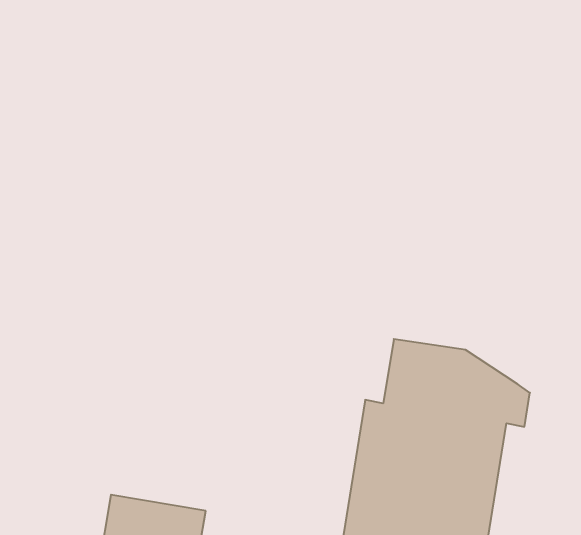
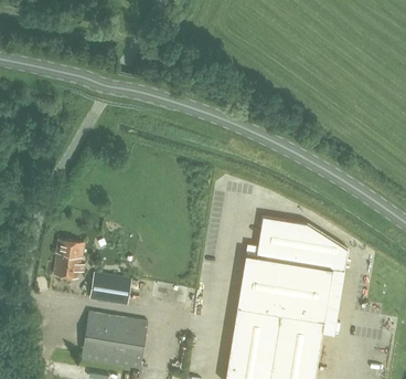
building: none -> [54,240,84,281]
building: none -> [90,274,131,306]

